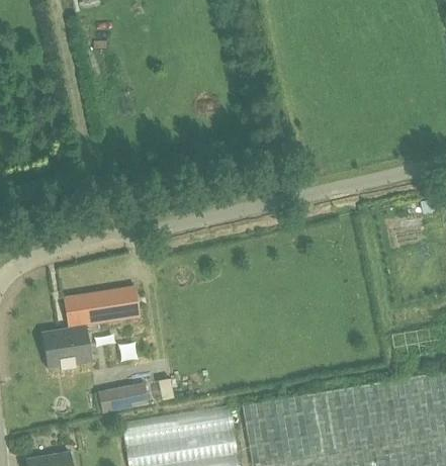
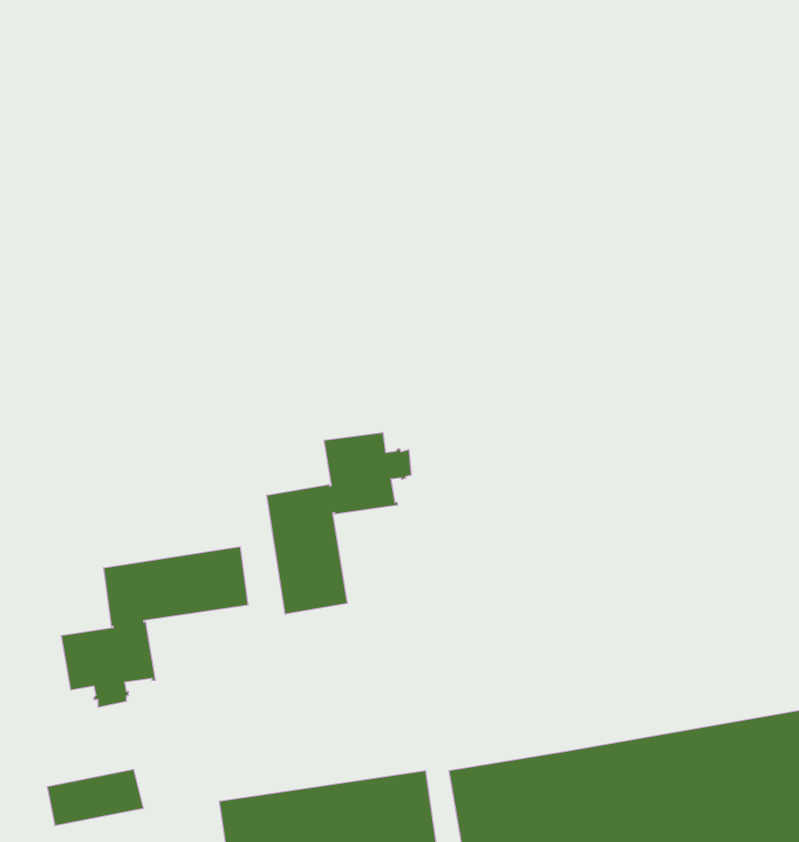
building: none -> [267,432,411,614]
building: [98,385,149,414] -> [47,770,144,826]

